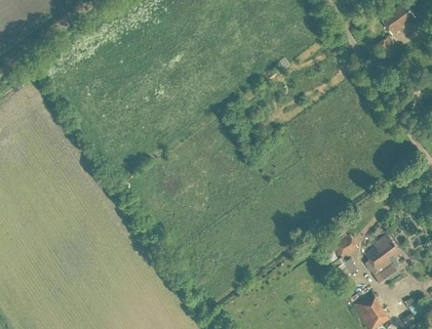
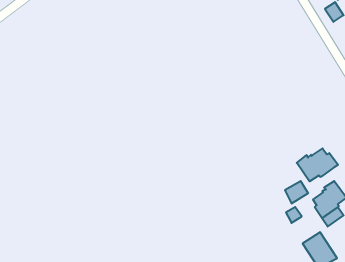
building: none -> [297,148,338,181]

